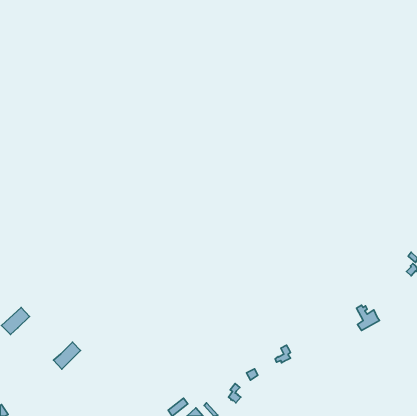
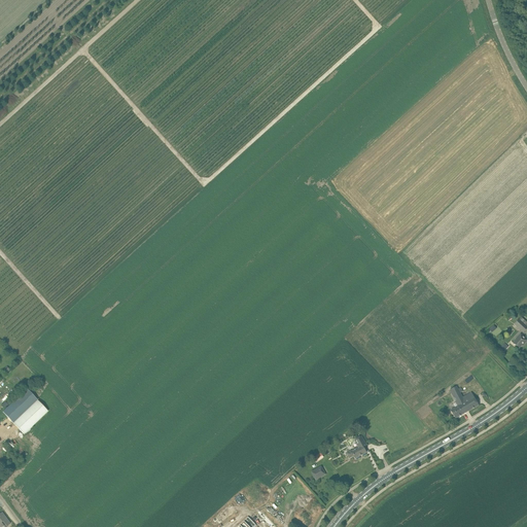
building: [54,342,80,369] -> [13,399,47,433]

